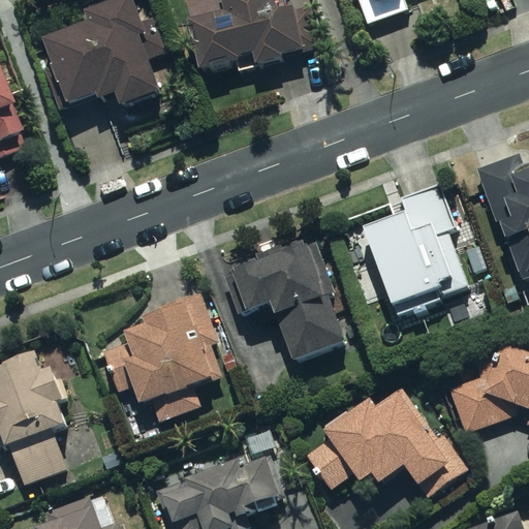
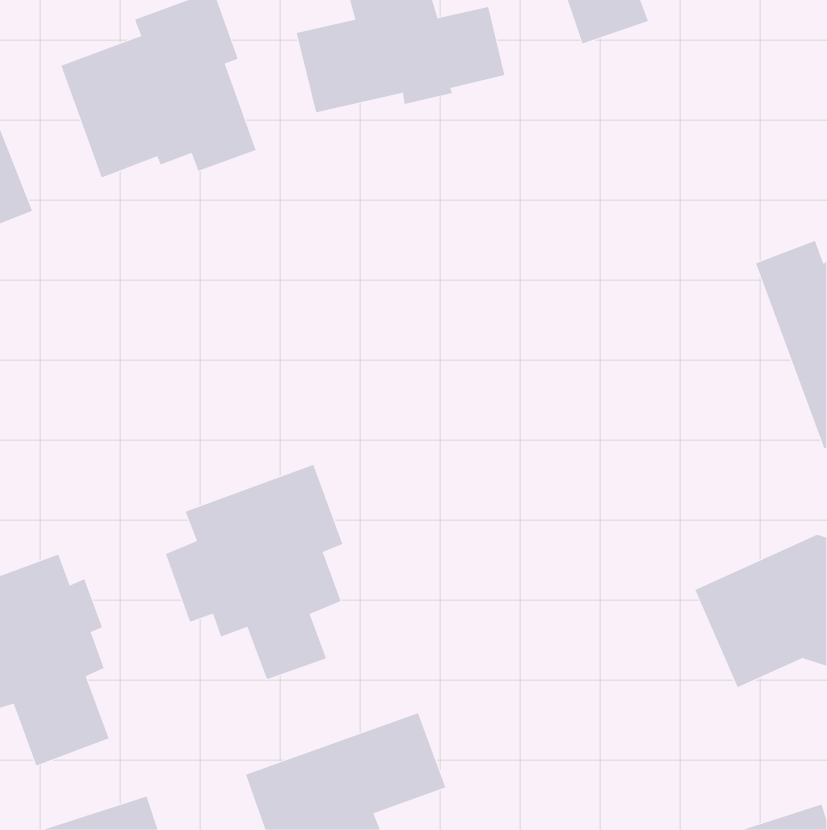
building: [367,185,468,315] -> none
building: [227,243,346,361] -> none
building: [292,377,466,499] -> none

